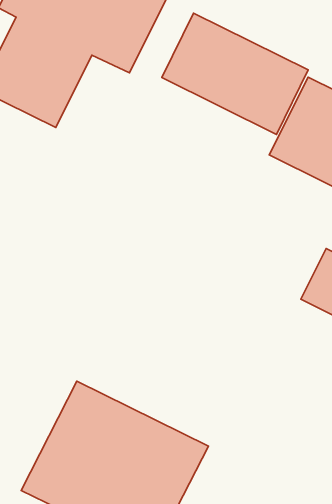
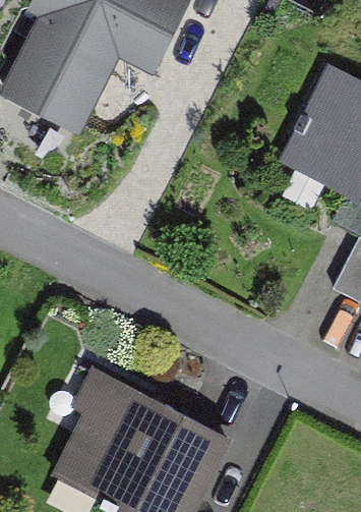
building: [162,13,308,134] -> none

